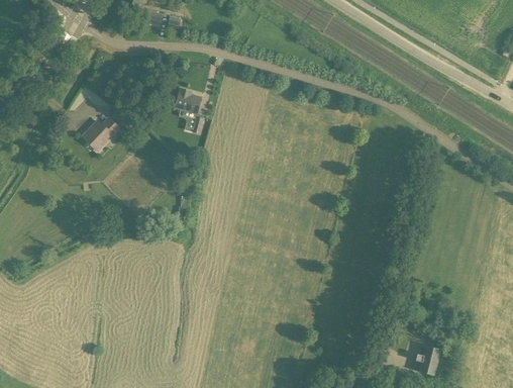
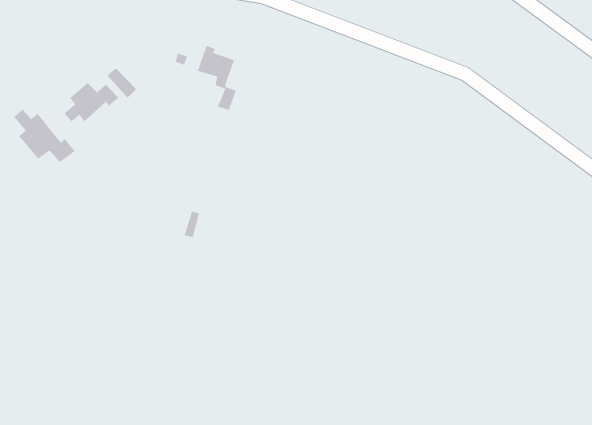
building: none -> [13,109,76,163]

